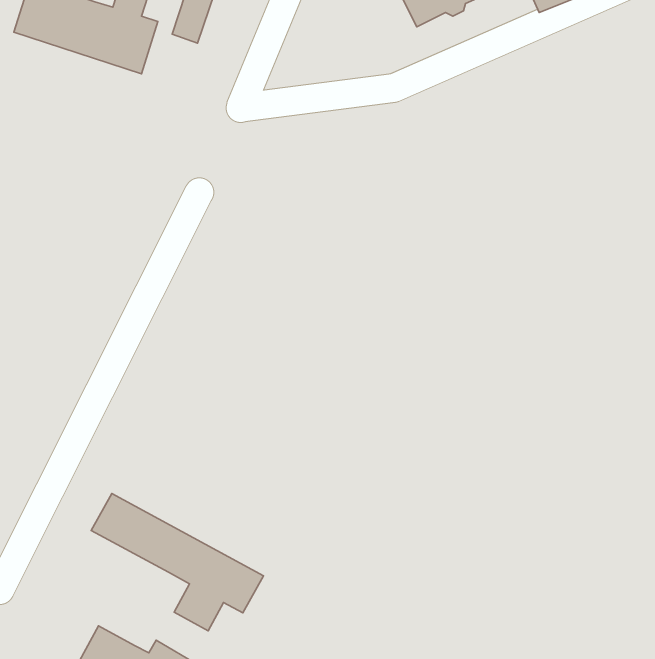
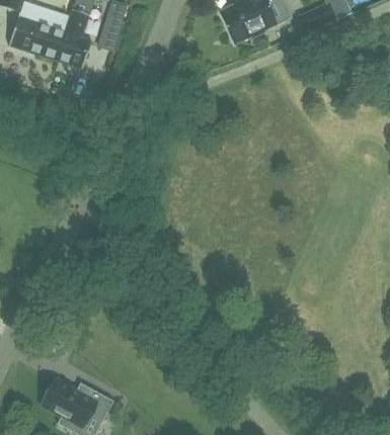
building: [91,494,264,631] -> none

